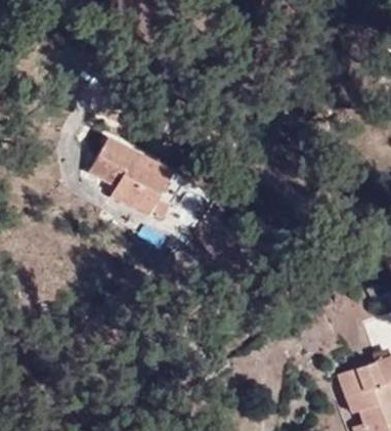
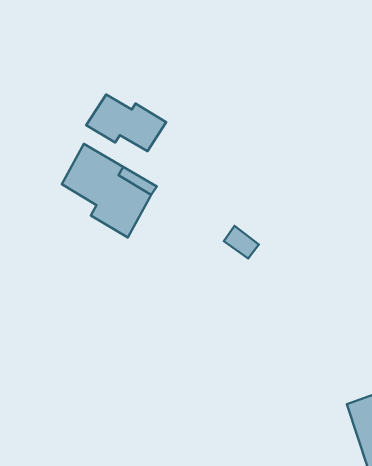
building: none -> [86,95,166,151]

